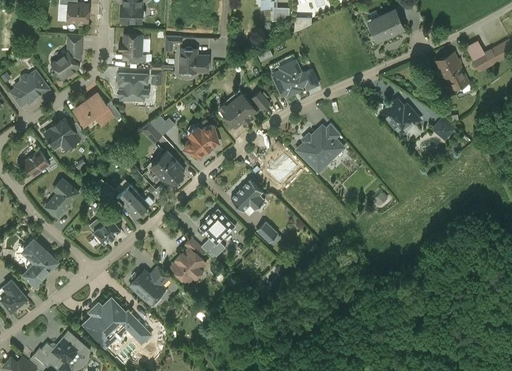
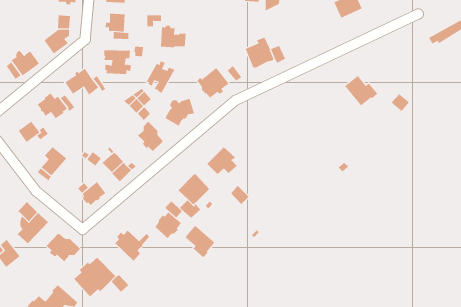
building: [436,54,467,91] -> none
building: none -> [146,61,175,94]
building: [296,124,343,173] -> none
building: none -> [185,225,216,258]
building: none -> [46,233,81,262]

